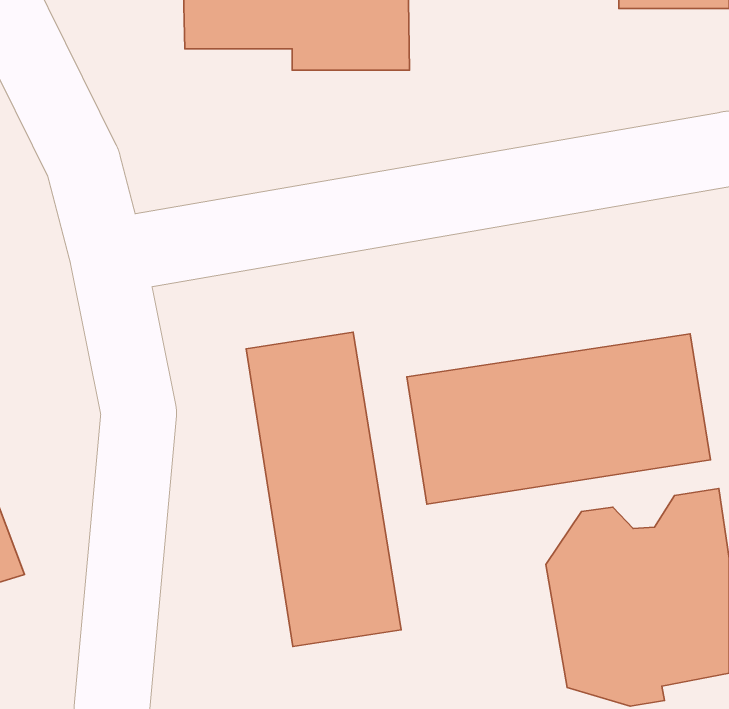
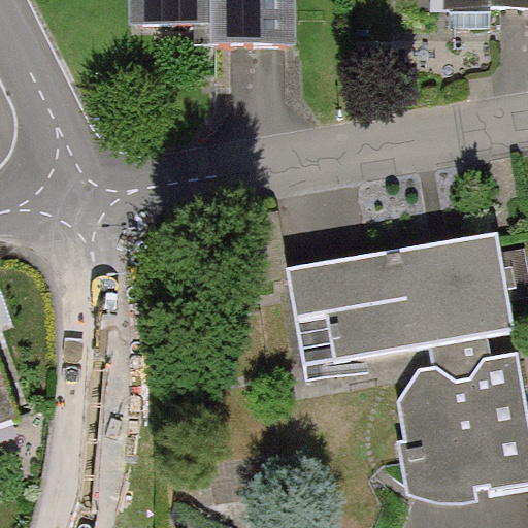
building: [246,332,401,647] -> none

